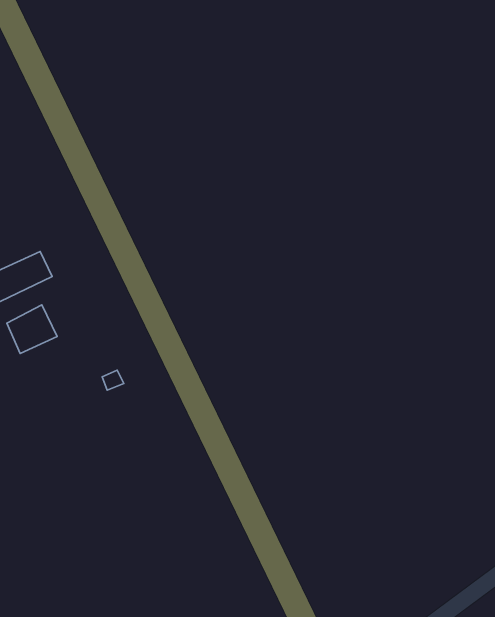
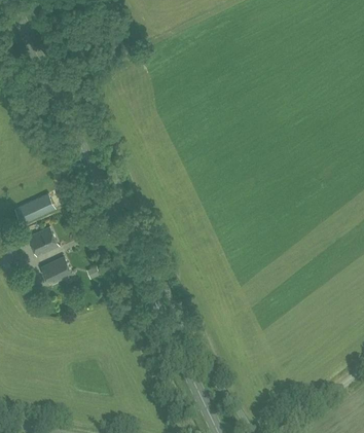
building: none -> [42,258,71,284]

